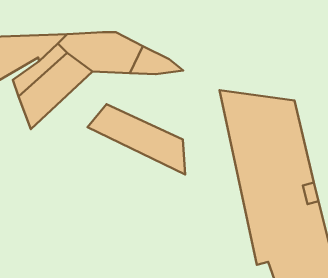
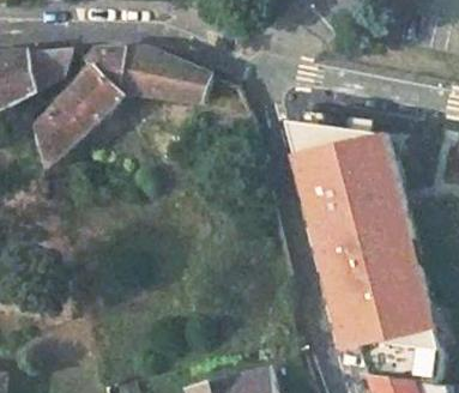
building: [88,104,185,174] -> none

